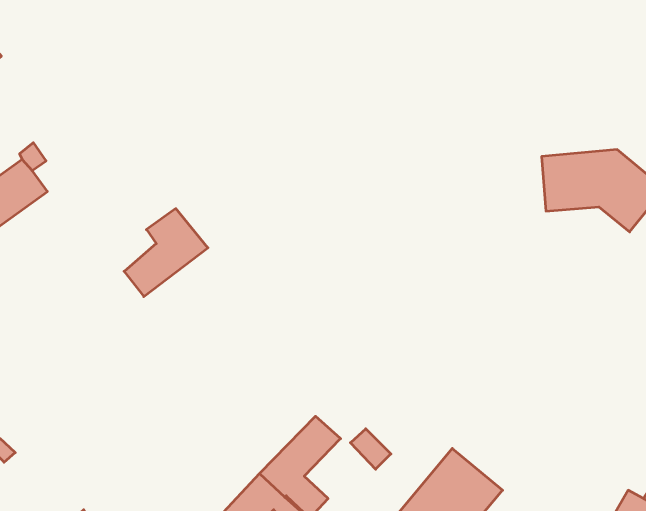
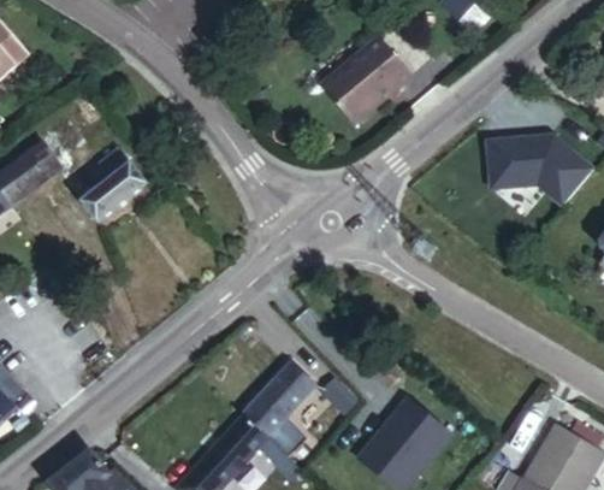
building: none -> [334,36,421,122]
building: [124,209,208,297] -> [77,149,149,225]

